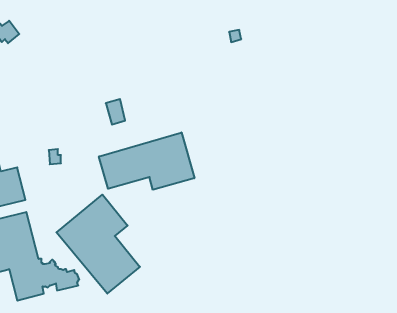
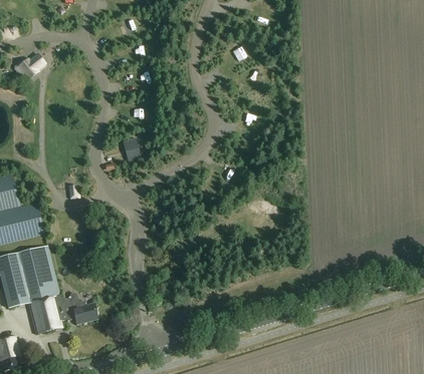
building: [99,132,194,190] -> none
building: [56,195,140,294] -> none

